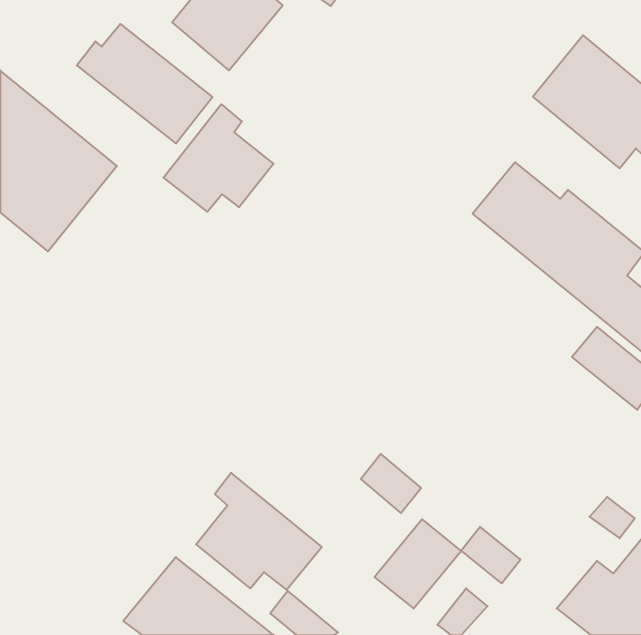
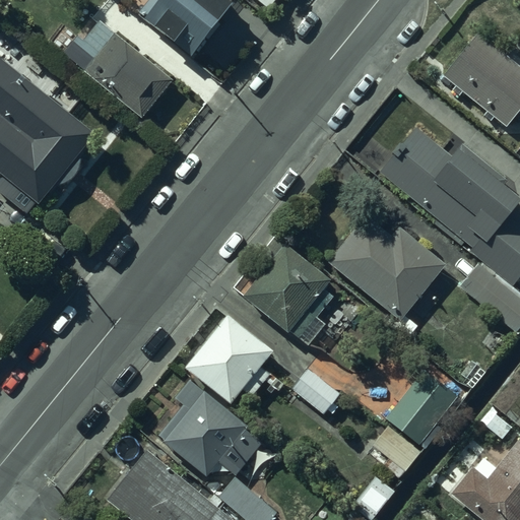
building: [164,104,274,212] -> none
building: none -> [330,218,446,319]
building: none -> [244,246,332,334]
building: none -> [185,318,270,404]
building: [375,519,461,609] -> [389,373,459,445]

